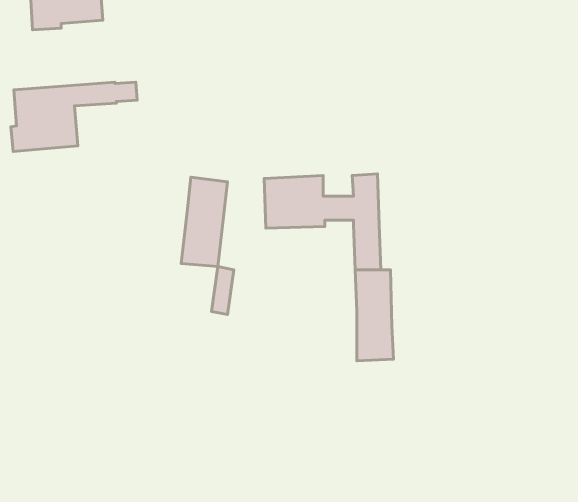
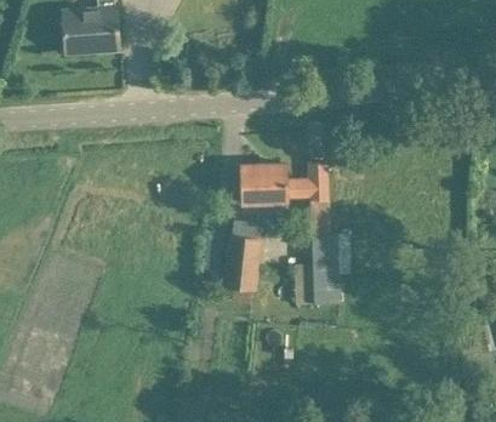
building: [11,82,137,152] -> none
building: [181,177,227,267] -> [227,224,262,292]

